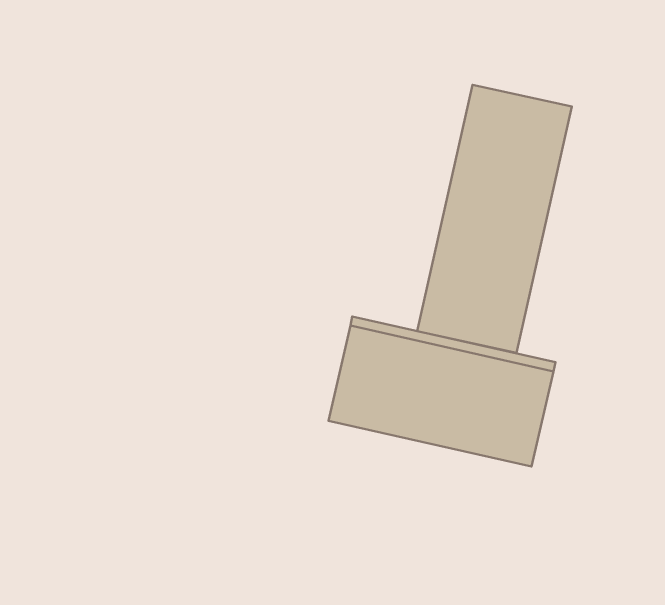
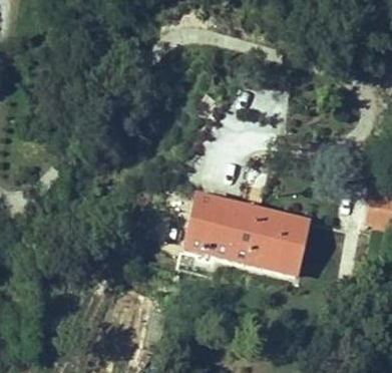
building: [417,85,572,353] -> none

